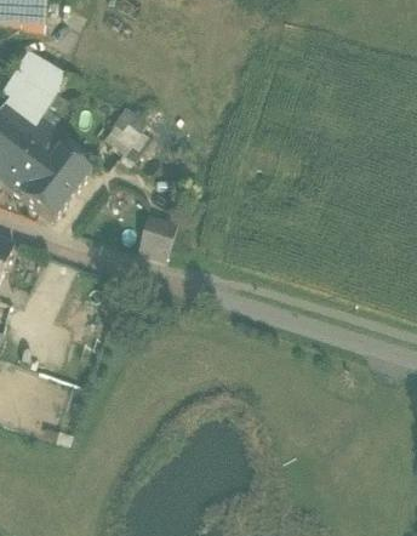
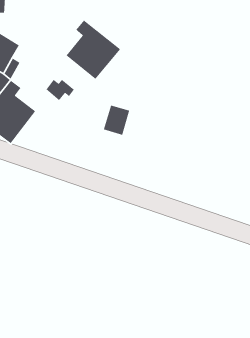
building: none -> [66,19,121,80]
building: [137,213,177,260] -> [103,104,130,136]

